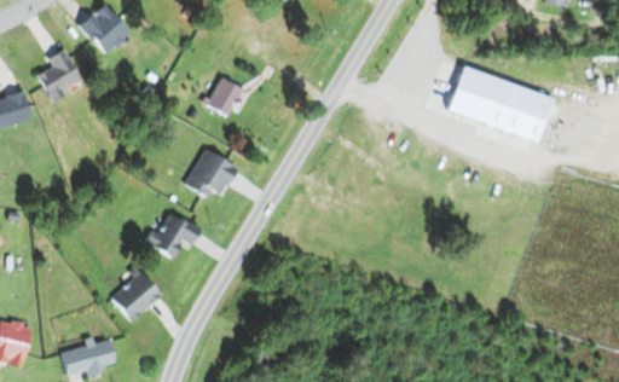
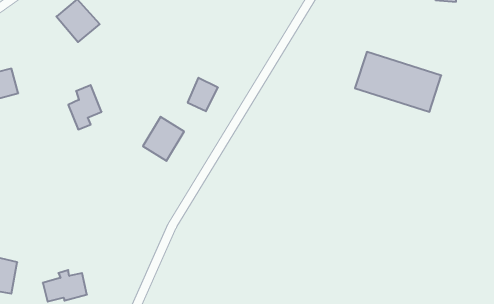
building: [39,48,80,103] -> [68,85,102,129]
building: [208,76,245,117] -> [188,78,218,111]
building: [145,212,201,257] -> none
building: [111,271,162,322] -> none

